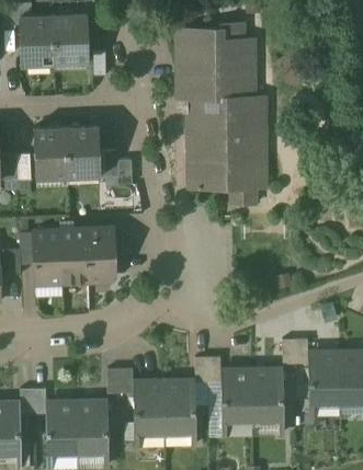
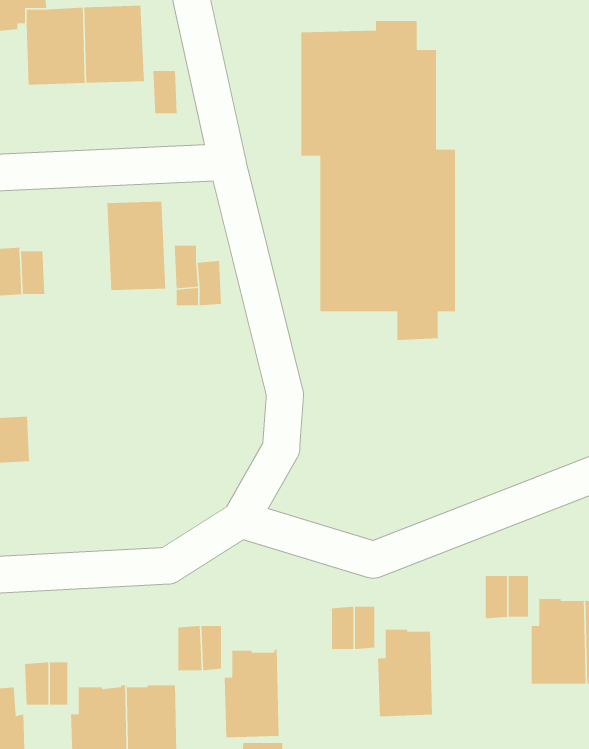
building: [33,127,68,180] -> none
building: [33,229,115,284] -> none
building: [251,369,283,420] -> none
building: [163,381,194,432] -> none

